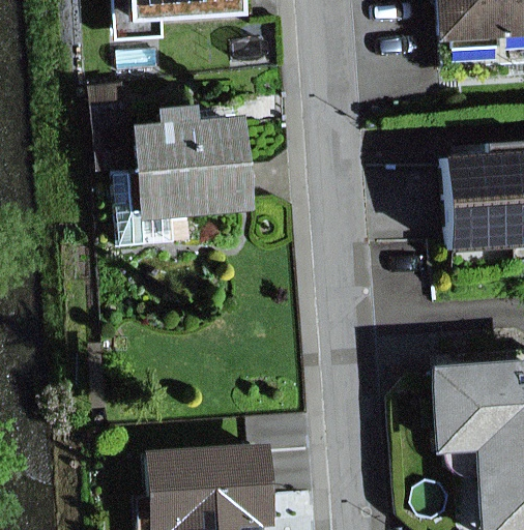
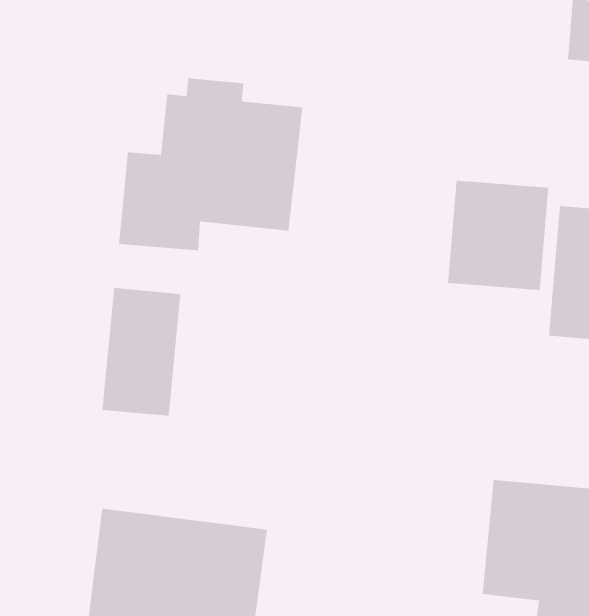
building: none -> [448,180,549,291]
building: none -> [102,287,181,417]

